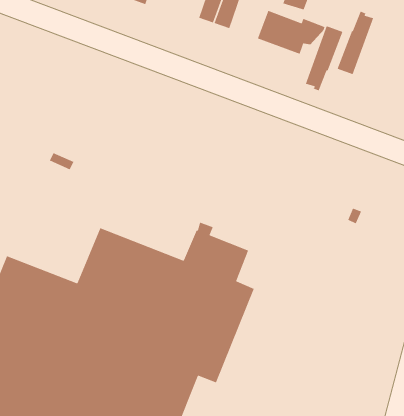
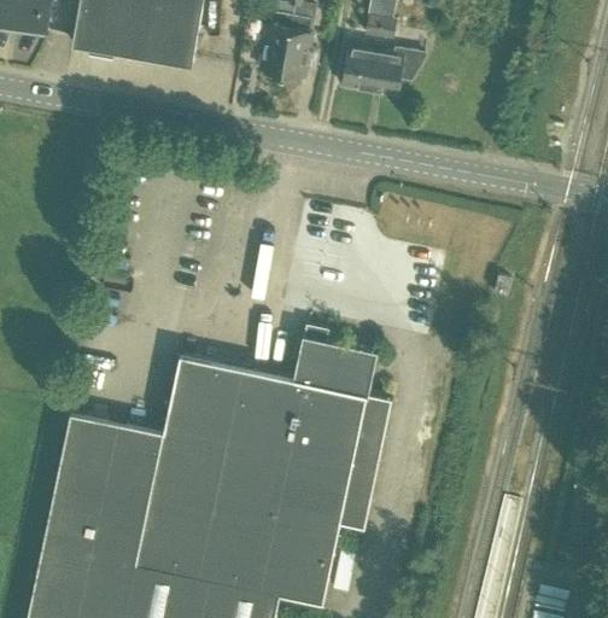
building: [336,11,374,75] -> none
building: [305,25,344,92] -> none

